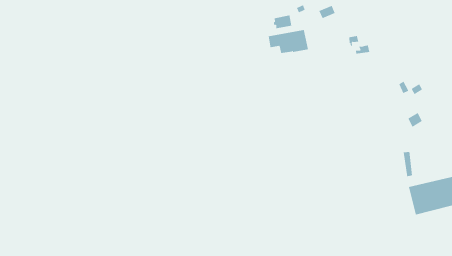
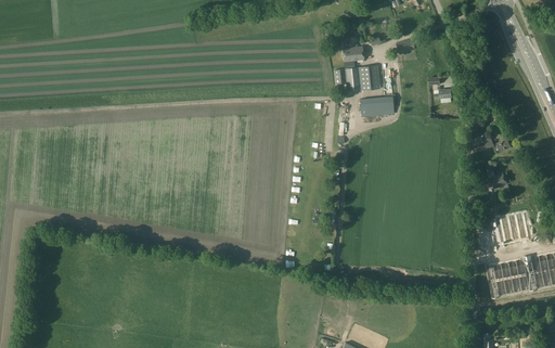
building: none -> [360,93,392,113]
building: none -> [495,209,531,242]

